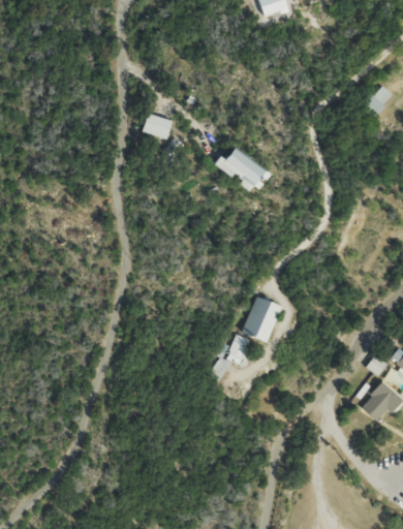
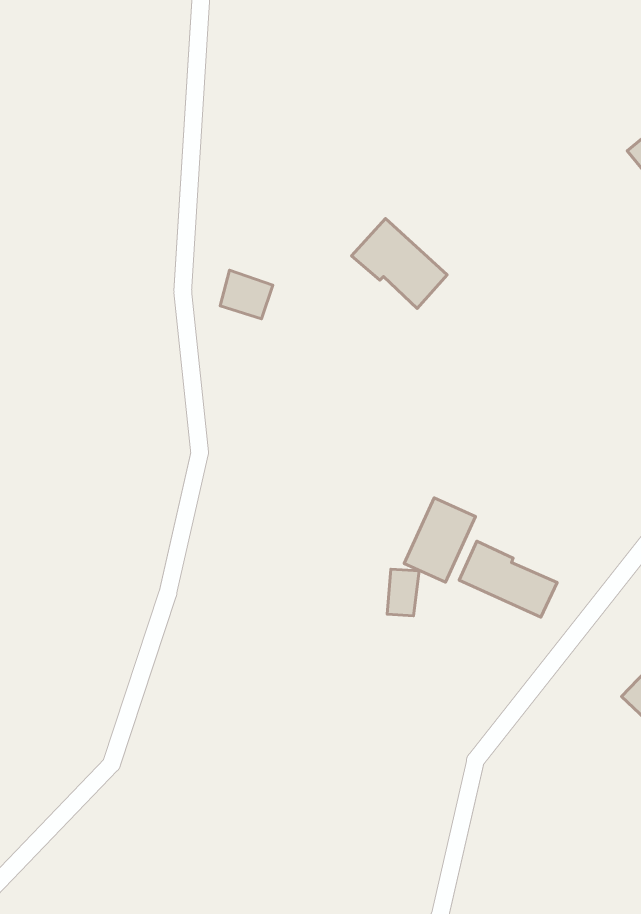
building: [143,112,172,138] -> [220,270,273,319]
building: none -> [459,541,557,617]

